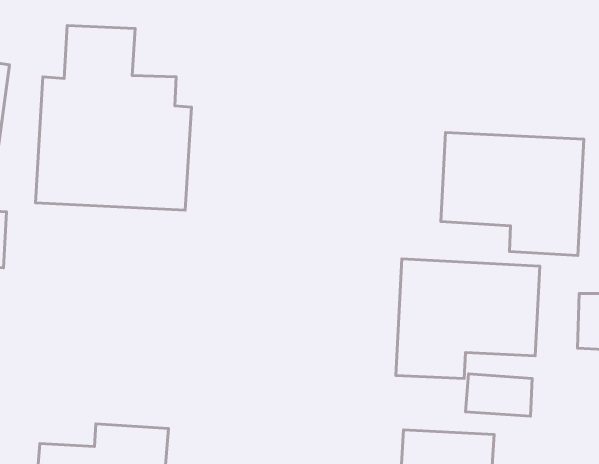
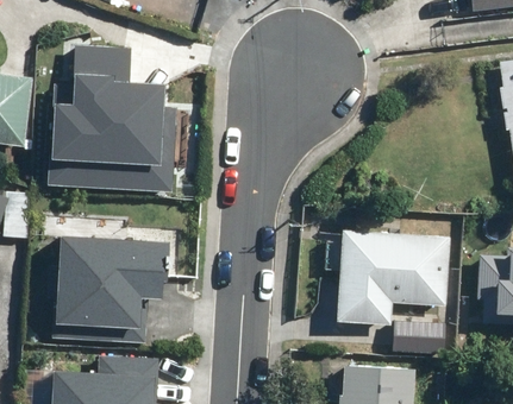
building: [441,132,584,256] -> none
building: none -> [56,238,165,341]

